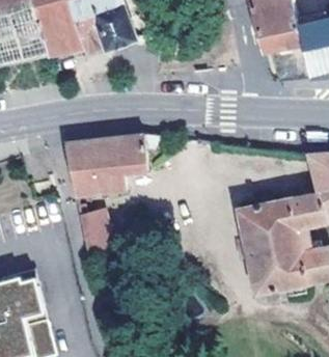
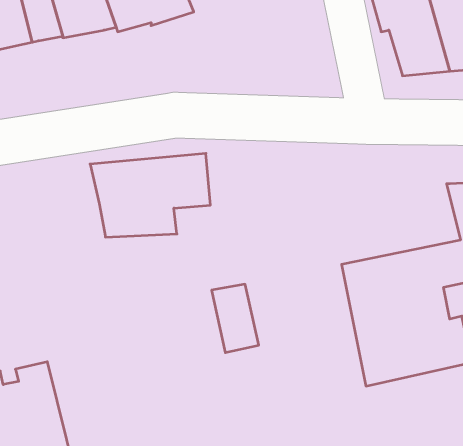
building: [80,205,112,252] -> [212,284,259,353]

